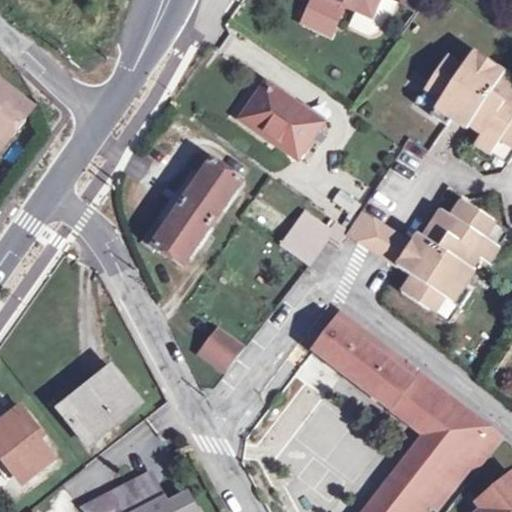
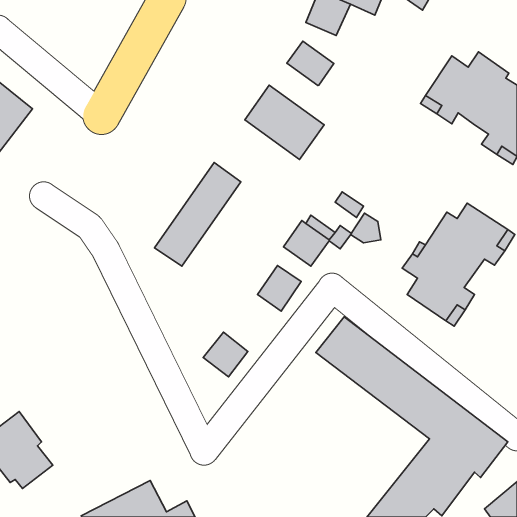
building: none -> [287,41,334,85]
building: none -> [257,266,301,311]
building: [59,367,139,443] -> none

